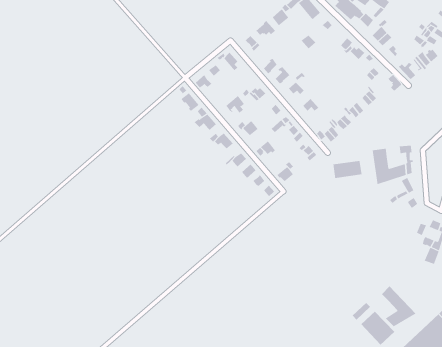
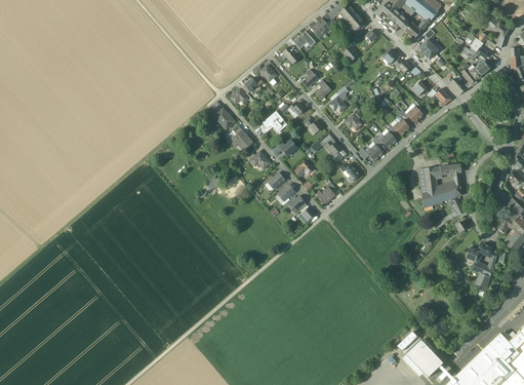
building: [333,160,362,179] -> none
building: [381,286,417,327] -> none

